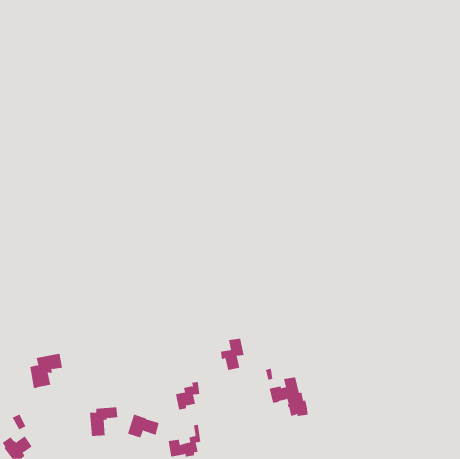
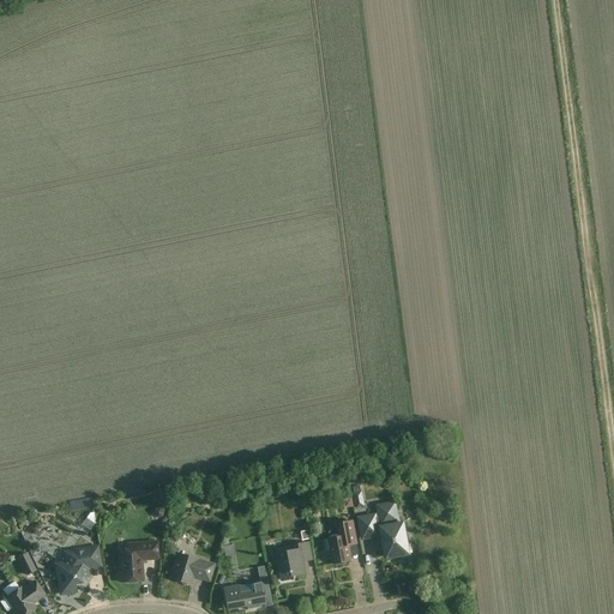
building: [220,338,245,371] -> [324,519,356,562]
building: [30,353,63,388] -> [55,544,100,591]
building: [175,381,200,410] -> [277,541,311,579]

